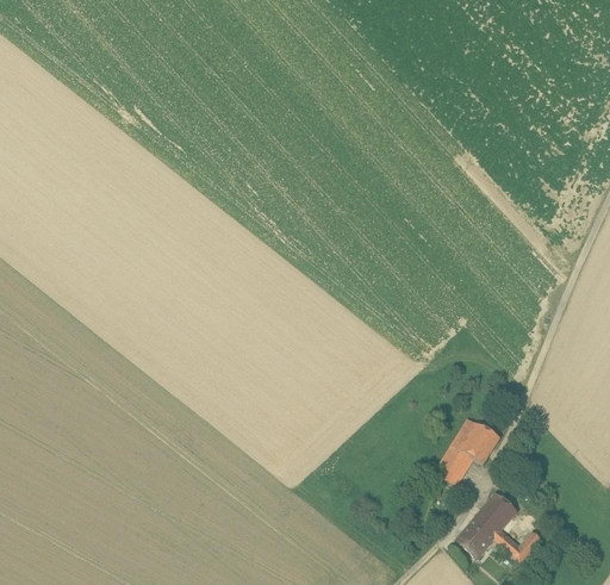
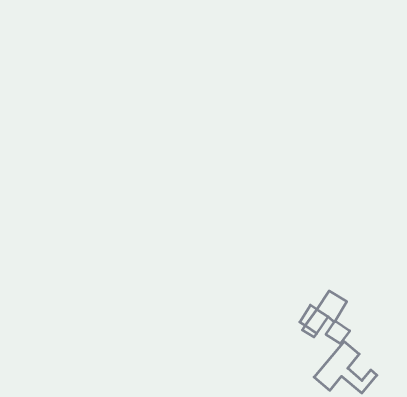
building: none -> [326,321,350,344]

